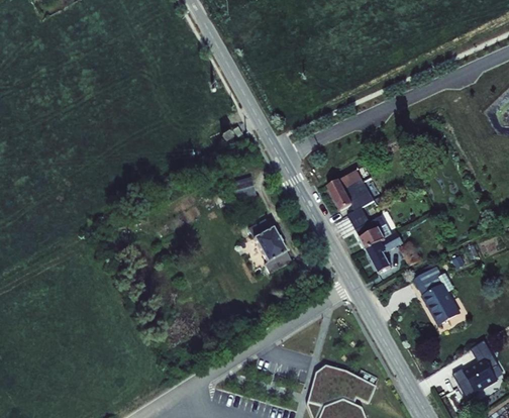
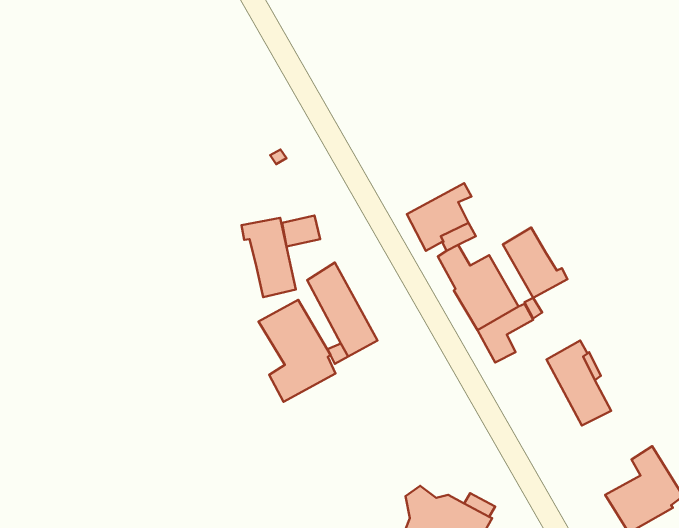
building: none -> [241,218,296,297]
building: none -> [503,228,568,298]
building: none -> [259,300,335,402]

